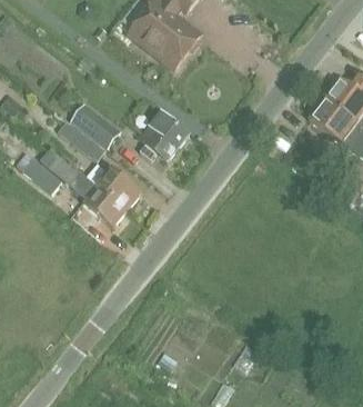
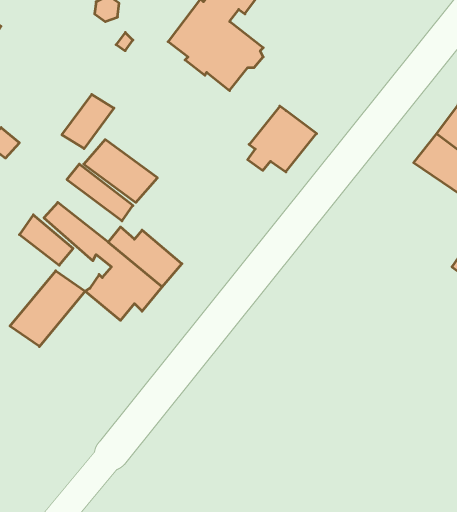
building: none -> [62,94,114,149]
building: [139,112,189,160] -> [248,106,317,172]
building: none -> [10,271,85,347]

